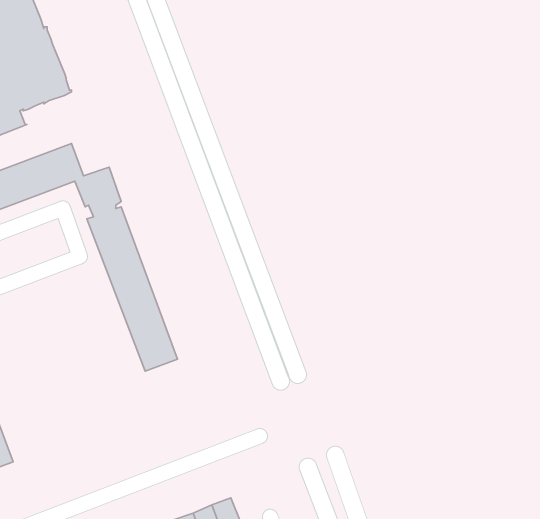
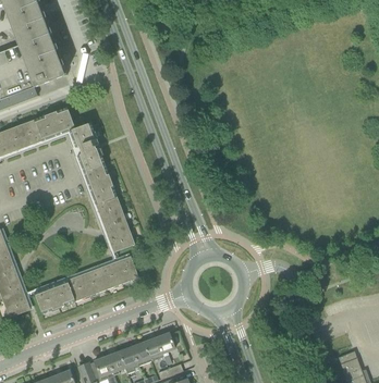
building: none -> [34,256,138,313]

